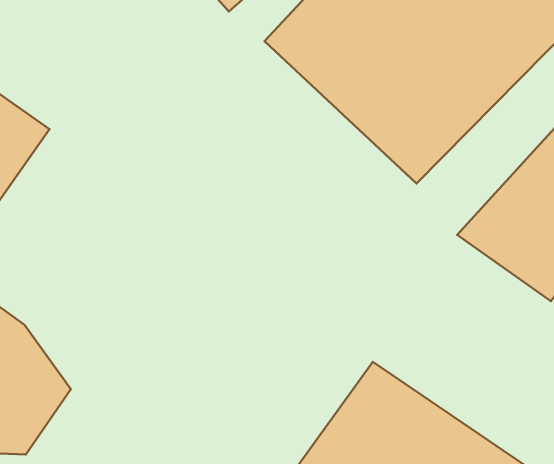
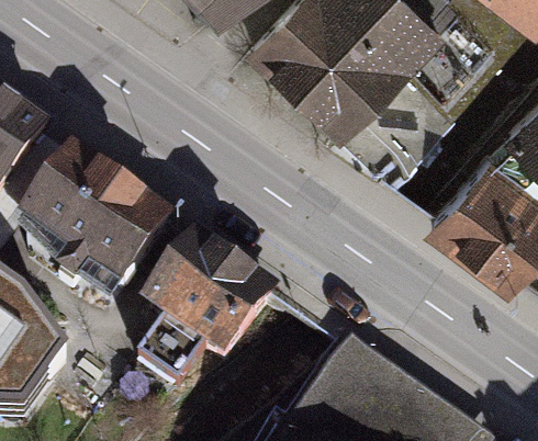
building: none -> [9,142,175,305]
building: none -> [138,226,281,382]

